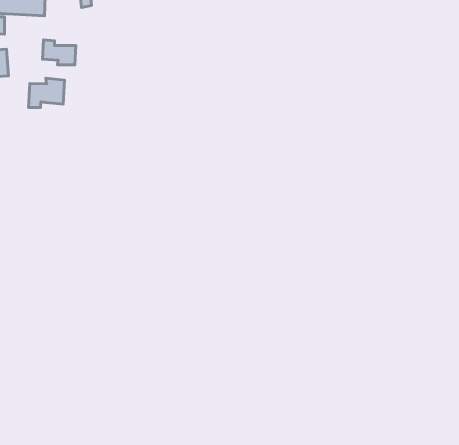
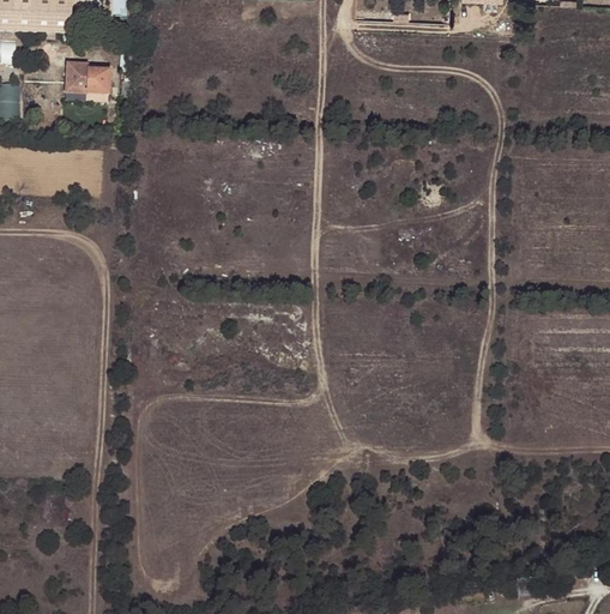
building: [29,78,64,108] -> none

